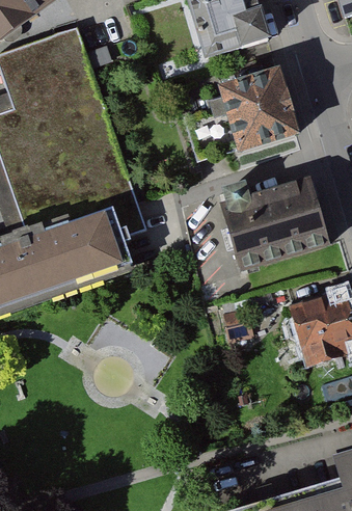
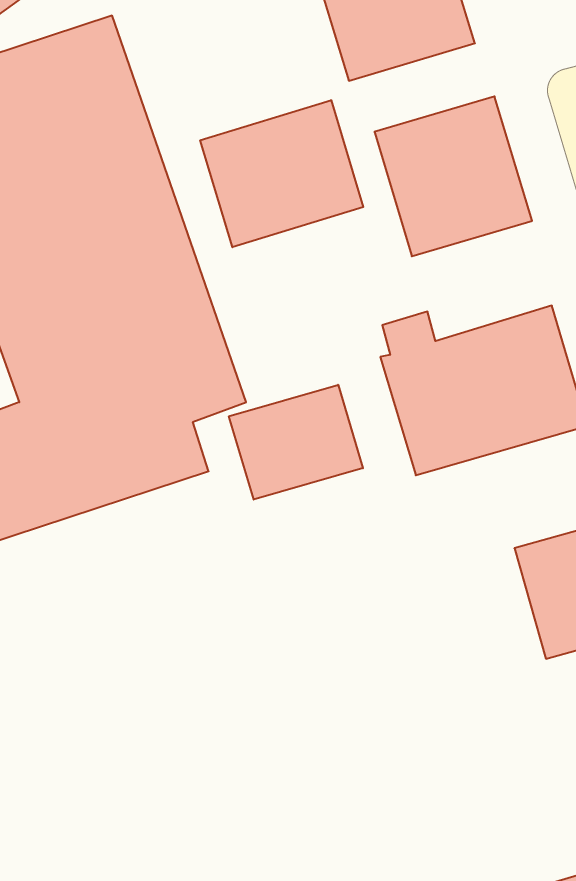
building: none -> [200,100,363,247]
building: none -> [229,385,363,500]

